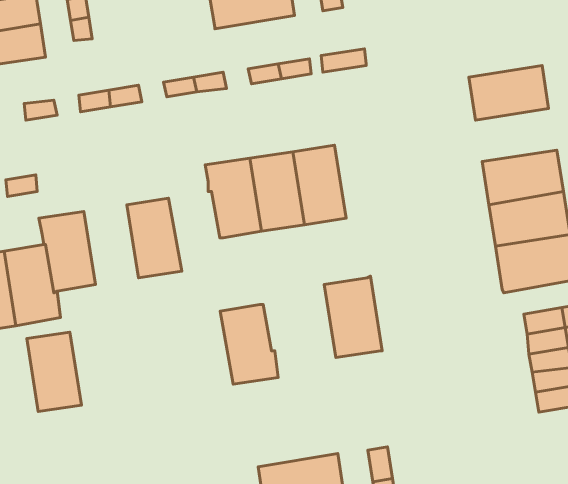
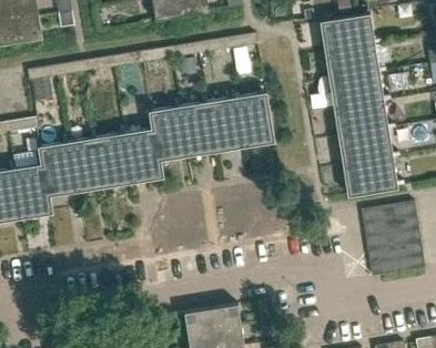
building: none -> [321,14,374,52]
building: none -> [329,73,384,109]
building: [324,276,382,358] -> [235,92,274,146]
building: [220,304,278,384] -> [124,129,163,182]
building: [27,332,81,412] -> [68,137,104,191]

